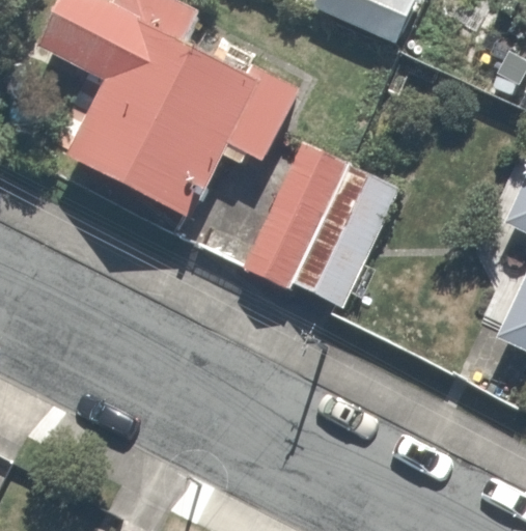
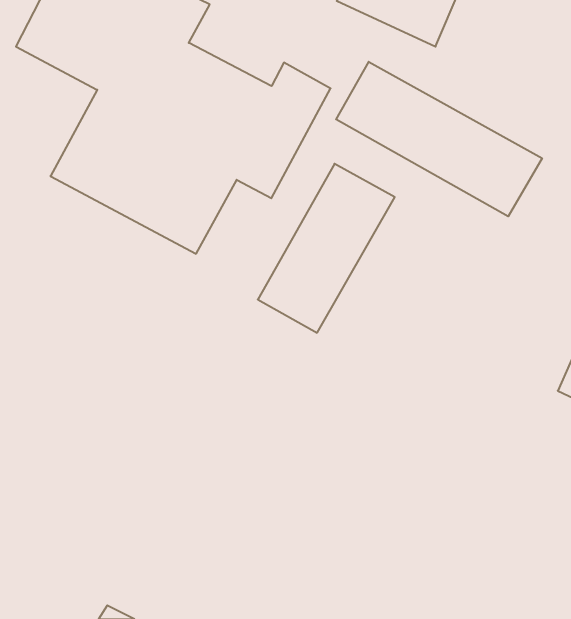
building: none -> [336,62,542,216]

